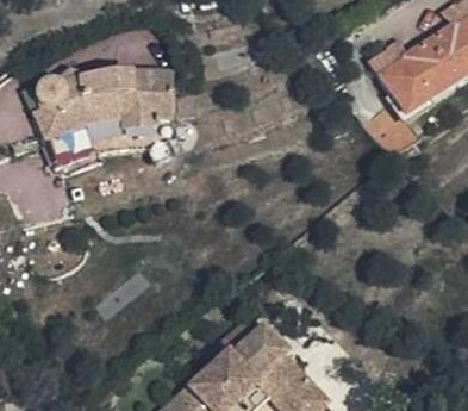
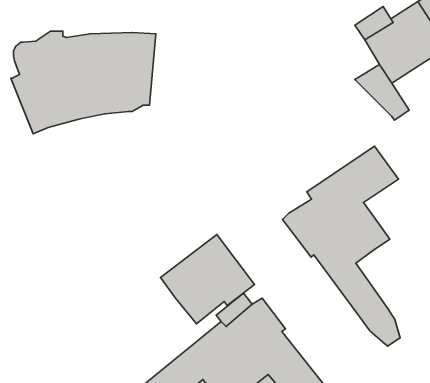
building: none -> [282,146,400,346]
building: none -> [160,235,255,324]

